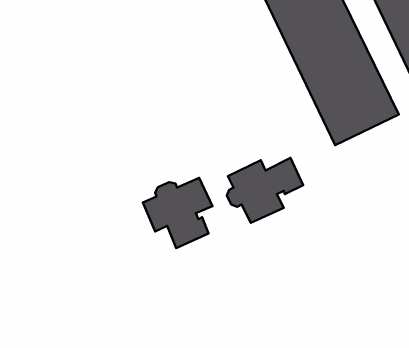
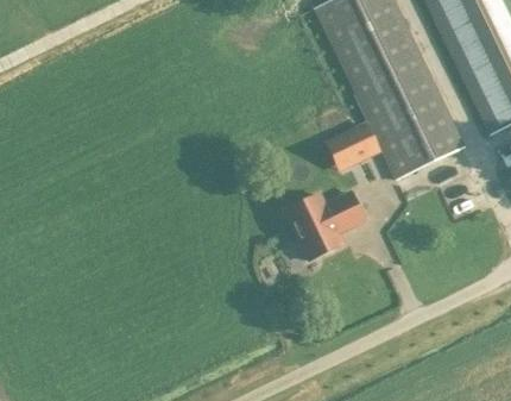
building: none -> [327,120,383,170]
building: [143,178,213,248] -> none

